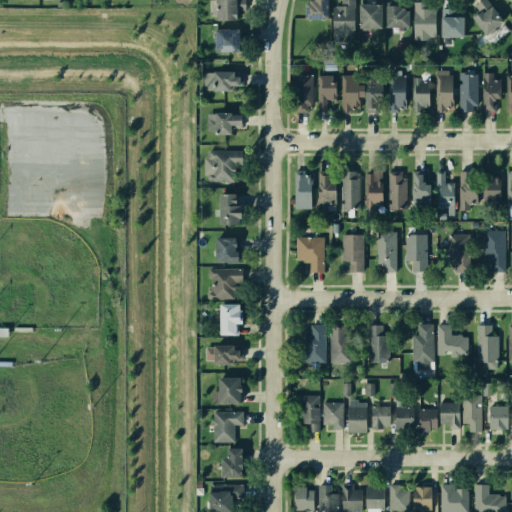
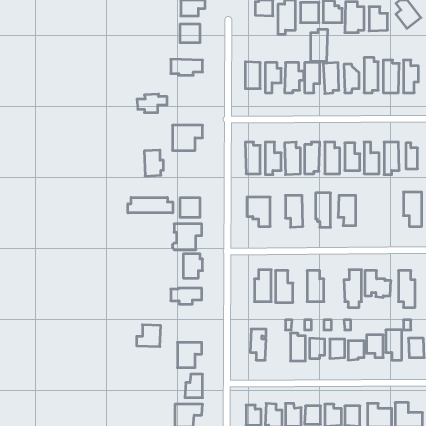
building: none -> [311,29,327,61]
building: [208,113,244,135] -> [137,94,167,113]
building: [220,194,243,225] -> [144,150,163,176]
building: [449,234,471,272] -> none
building: none -> [128,197,173,213]
building: [213,378,242,404] -> [137,325,161,347]
building: [323,403,344,429] -> none

